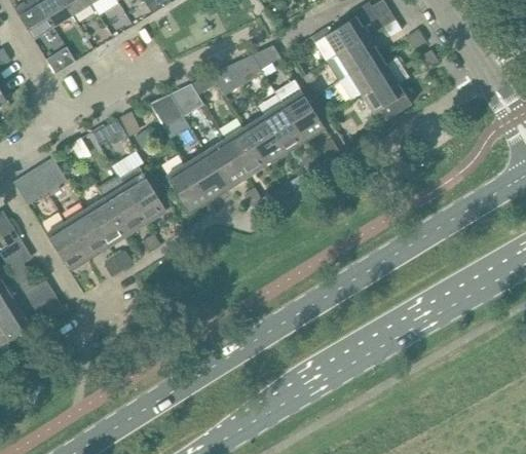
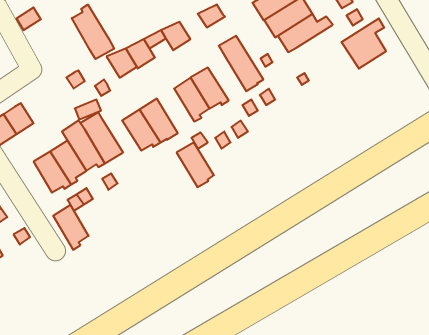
building: none -> [72,5,114,59]
building: [361,67,411,123] -> [341,18,386,69]
building: [262,103,305,152] -> none
building: [204,139,247,189] -> [177,142,214,187]
building: [46,221,86,271] -> [53,205,89,250]

